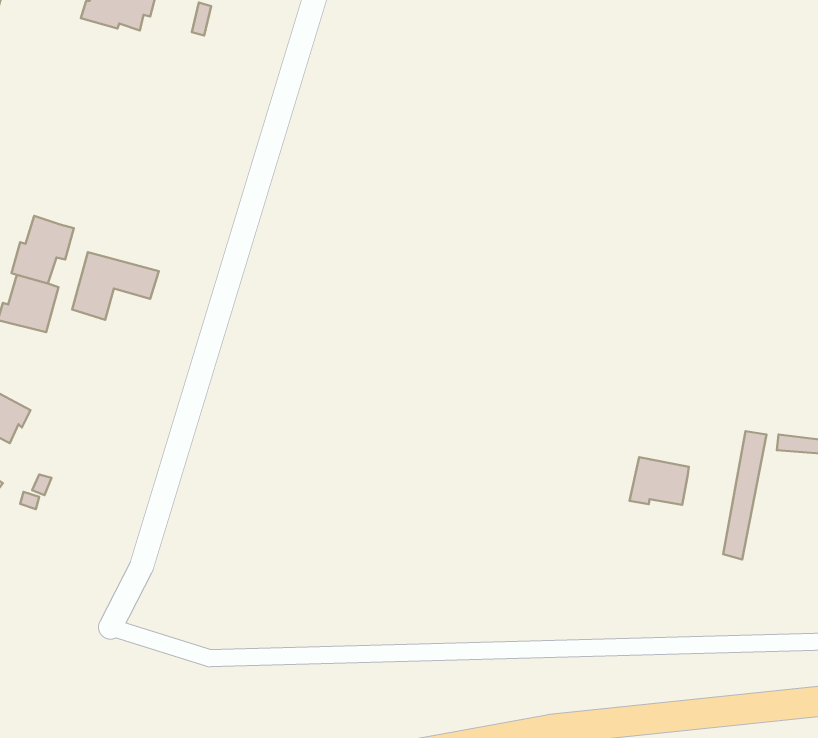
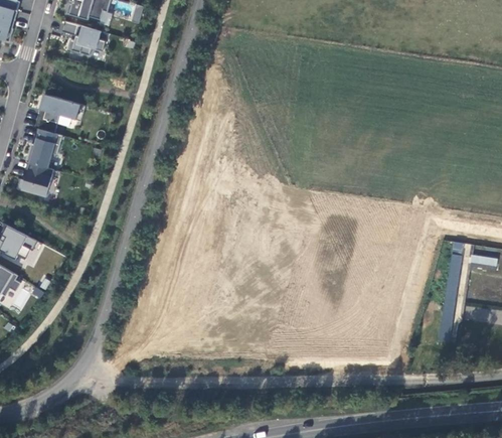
building: none -> [61,20,105,55]
building: [72,252,159,320] -> [35,94,86,133]
building: [630,457,689,505] -> none

